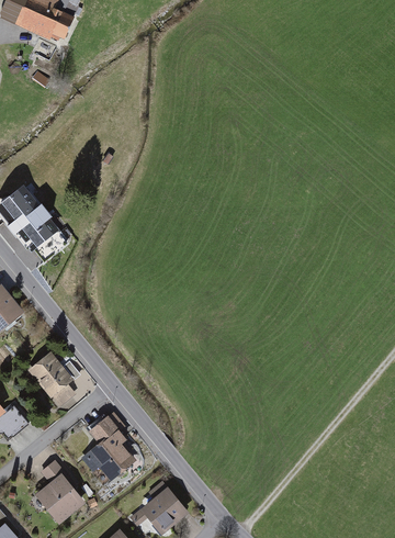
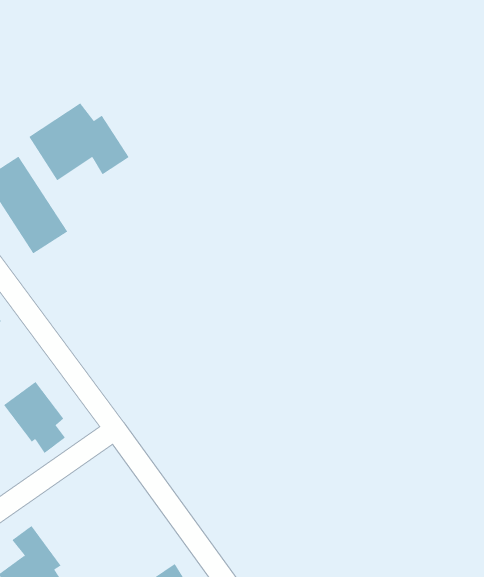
building: none -> [28,102,130,181]
building: [72,418,135,486] -> none

